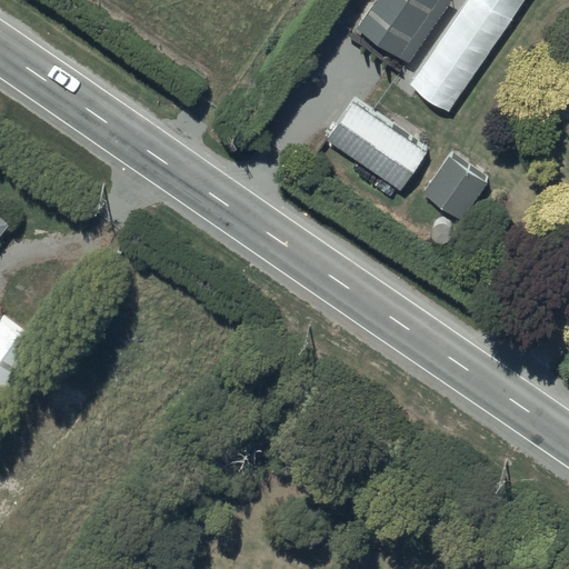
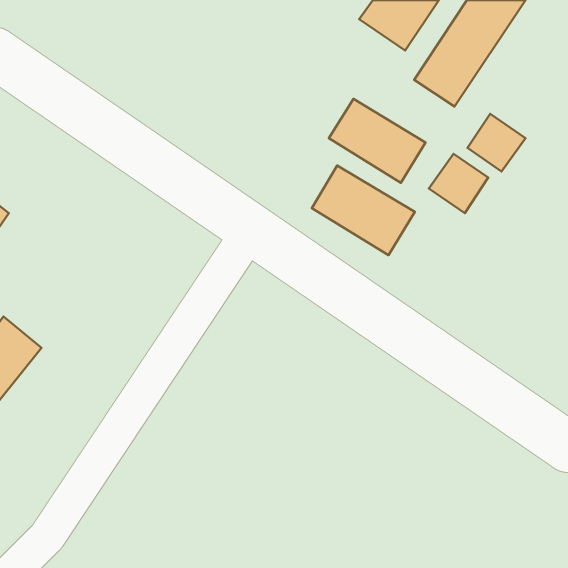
building: none -> [467,114,526,172]
building: none -> [312,165,415,255]

